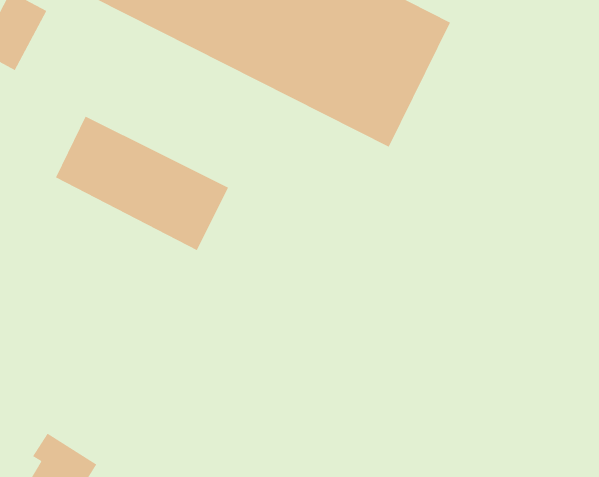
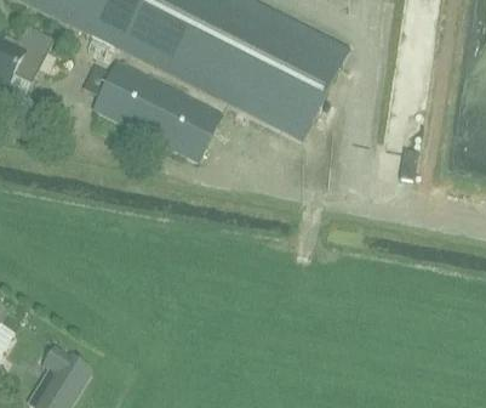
building: [55,116,229,251] -> [93,59,219,158]

